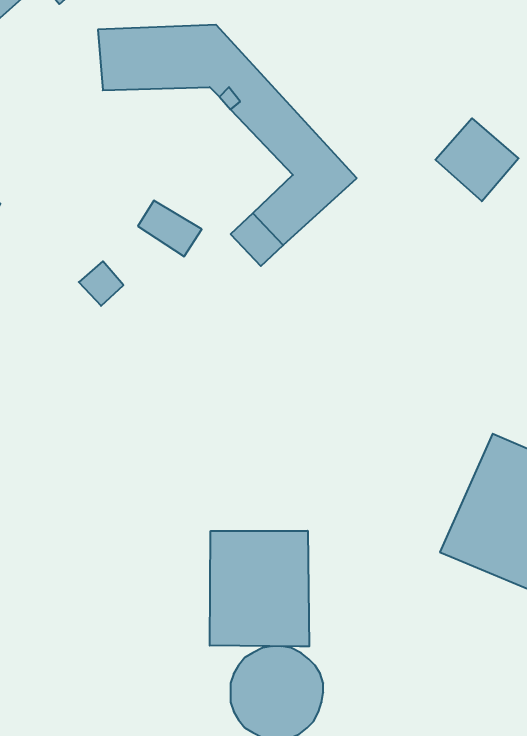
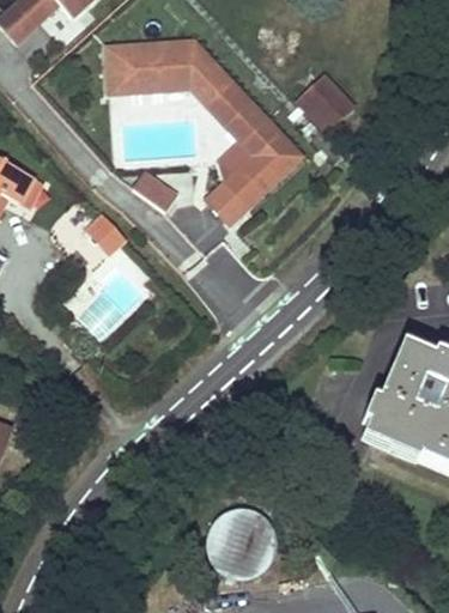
building: [435,118,519,201] -> [296,77,358,139]
building: [210,531,309,646] -> none

